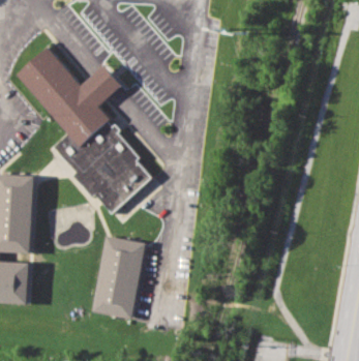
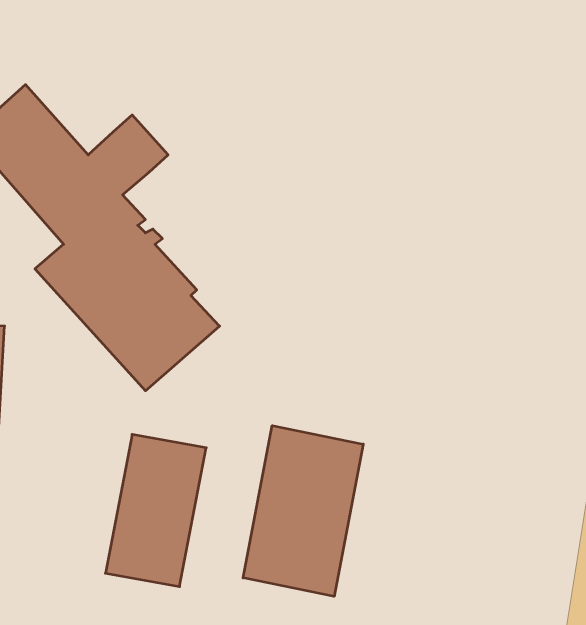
building: none -> [243,426,363,596]

